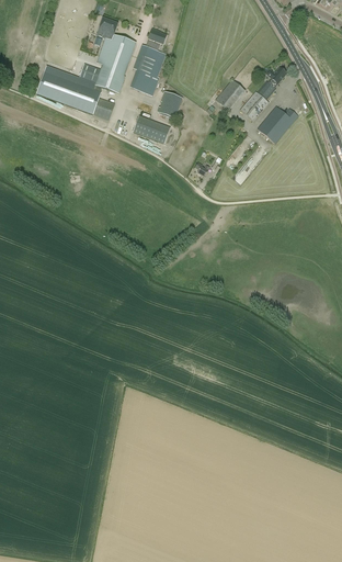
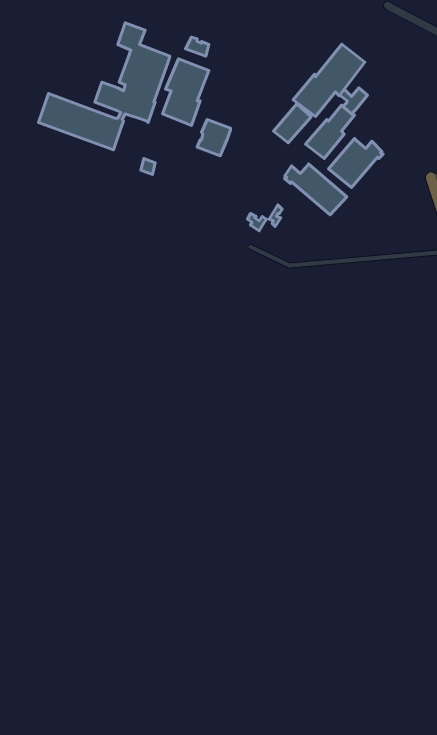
building: none -> [293,44,365,117]
building: [133,115,170,144] -> none
building: none -> [285,164,347,215]

